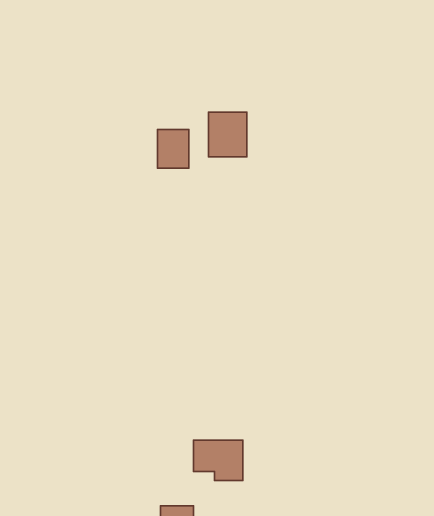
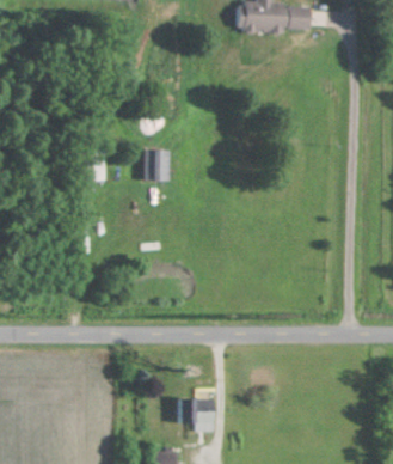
building: [209,112,247,157] -> none

